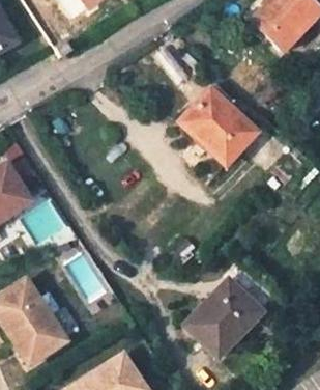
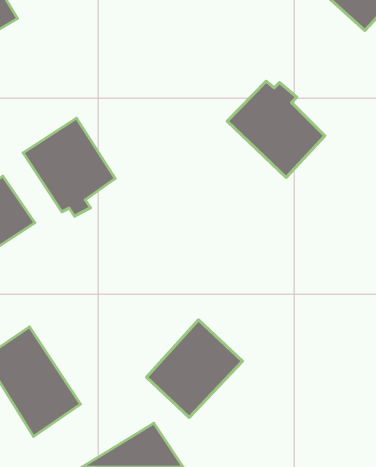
building: none -> [23,118,115,216]
building: [186,279,261,355] -> [146,320,243,417]

